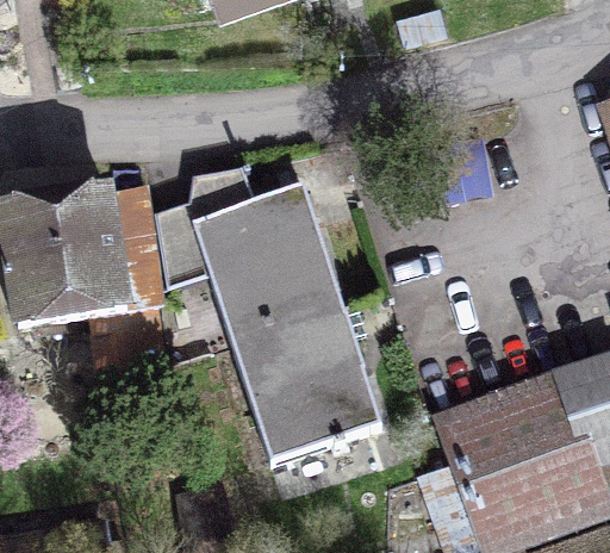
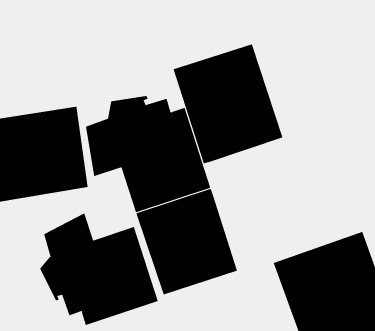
building: none -> [173,44,283,164]
building: none -> [40,212,158,326]

